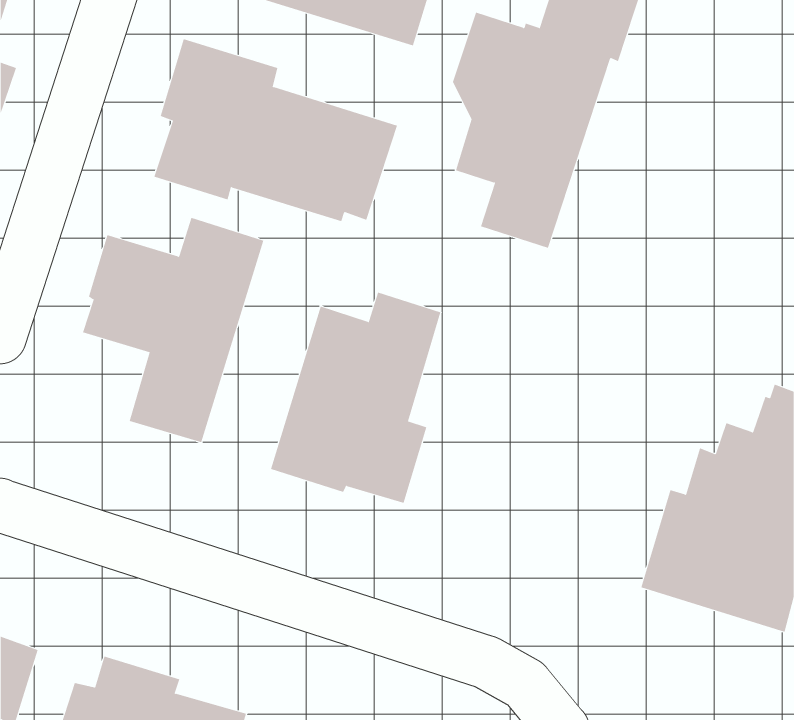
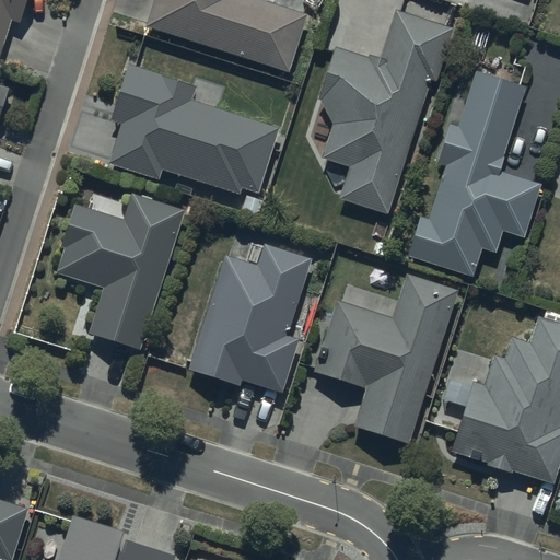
building: none -> [406,70,539,278]
building: none -> [313,275,462,442]

